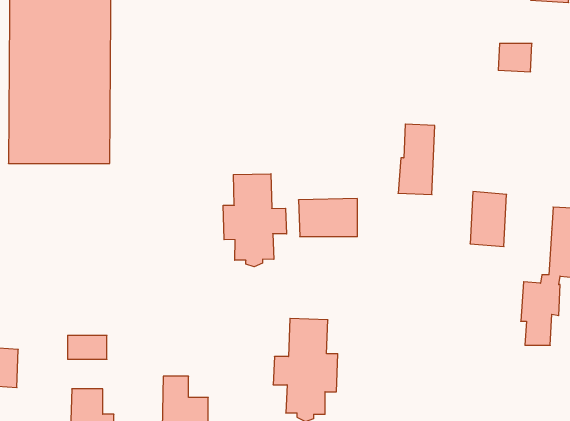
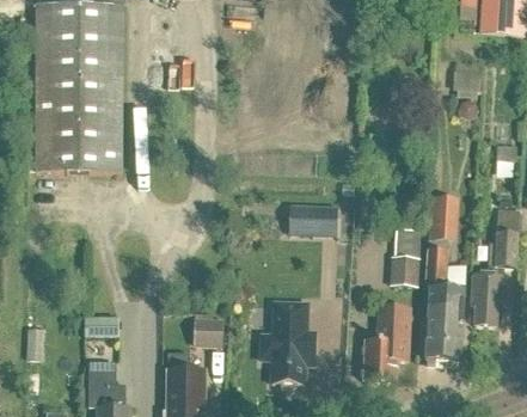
building: [398,124,435,195] -> [390,227,421,287]
building: [223,174,287,267] -> none
building: none -> [425,249,465,361]
building: none -> [363,305,411,381]
building: none -> [194,318,223,343]

